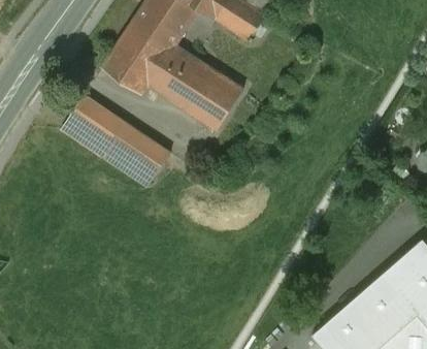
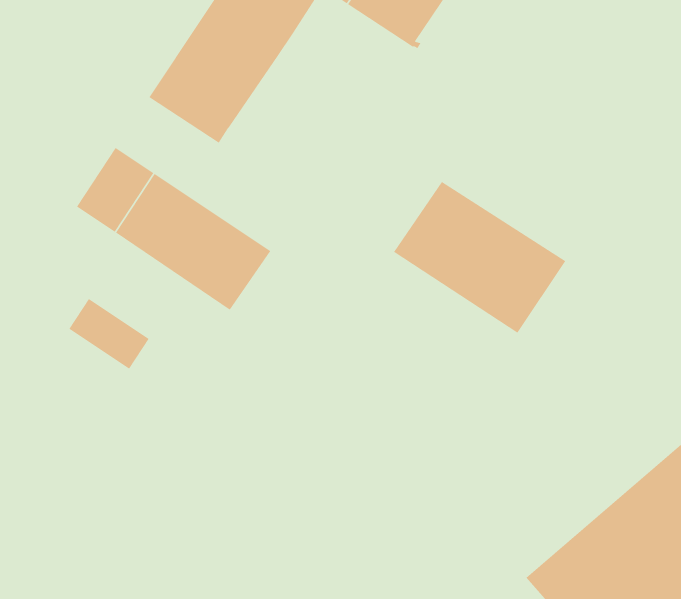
building: [147,45,243,130] -> [393,181,566,333]
building: none -> [69,298,149,370]

